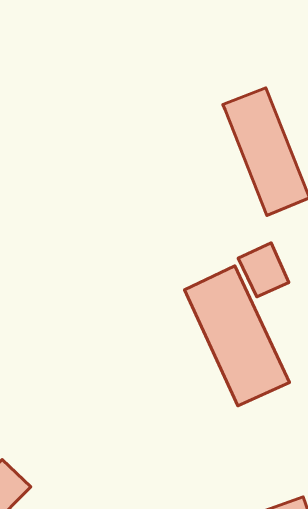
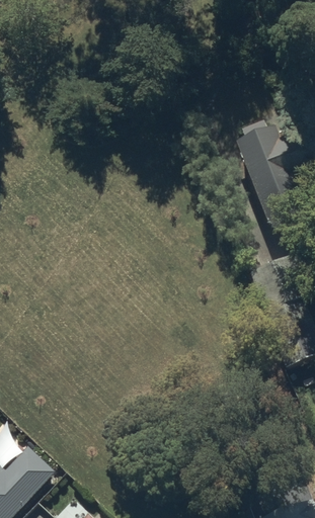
building: [184,266,289,406] -> none

